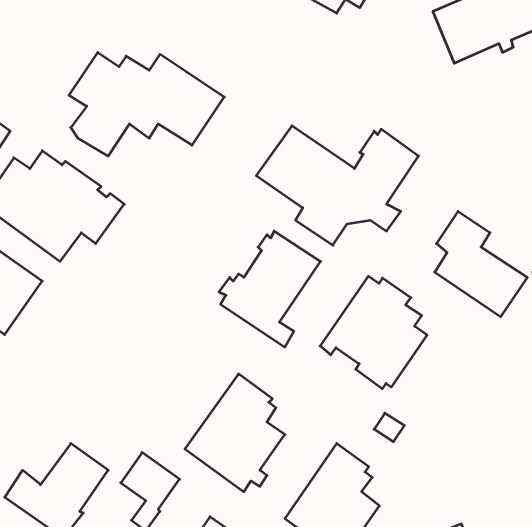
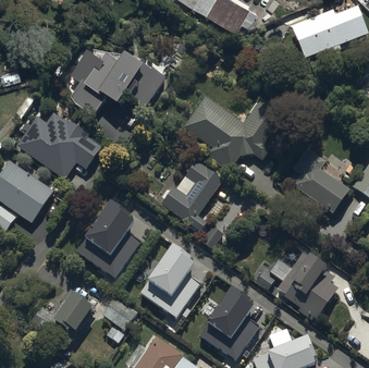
building: [320,276,427,389] -> [273,252,339,320]
building: none -> [77,205,142,279]

